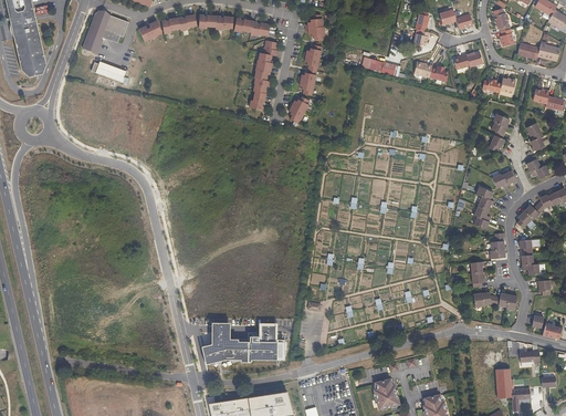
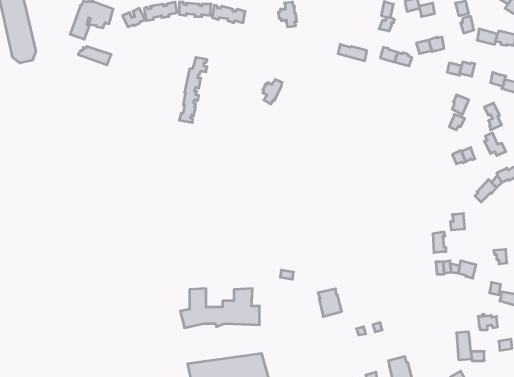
building: [248,40,277,110] -> [179,57,207,122]
building: [296,44,321,95] -> none
building: [473,186,493,228] -> none
building: [518,238,538,274] -> none
building: [373,378,398,408] -> [318,289,342,317]

